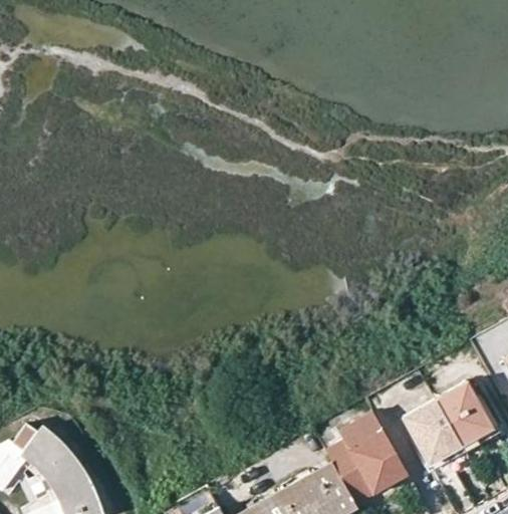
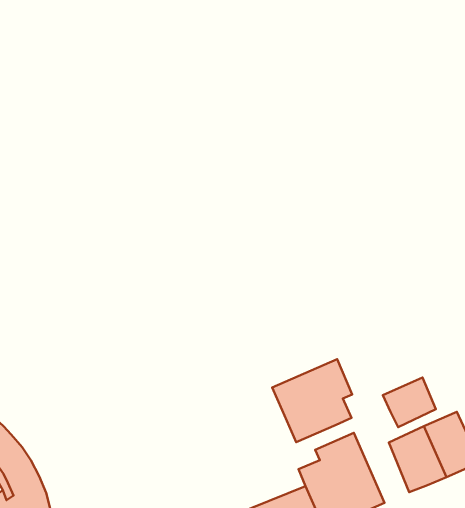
building: none -> [272,359,352,442]
building: none -> [383,378,436,427]

